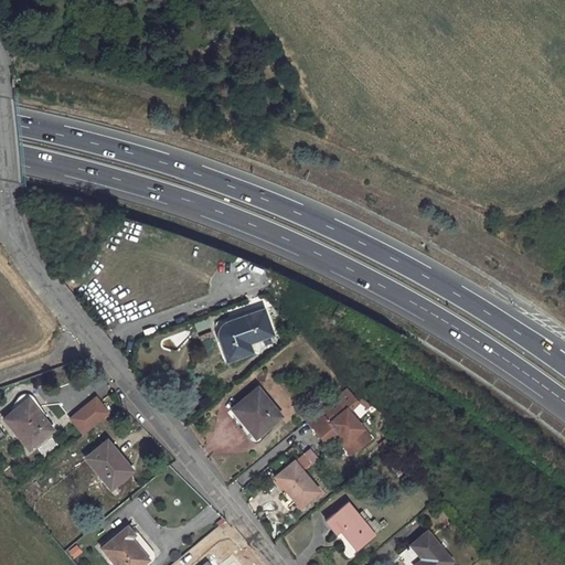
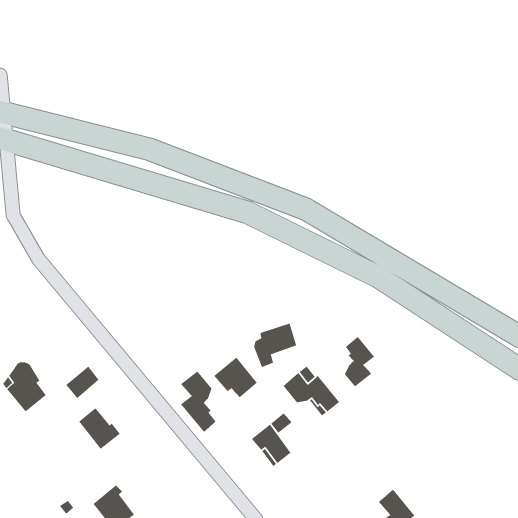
building: [225,310,273,360] -> [253,322,297,368]
building: none -> [344,336,375,387]
building: none -> [180,370,216,433]
building: [327,504,382,550] -> none

